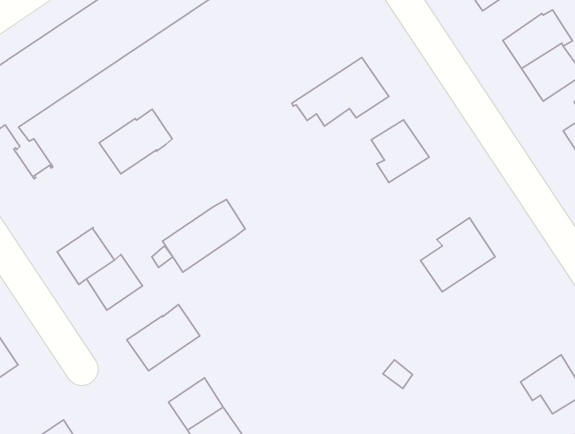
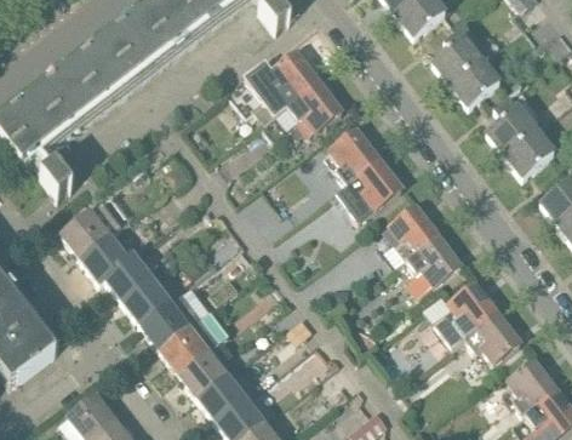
building: none -> [228,48,318,119]
building: [99,109,172,174] -> [61,199,120,253]
building: none -> [338,155,401,215]
building: [163,199,245,272] -> [161,308,228,370]
building: none -> [396,233,461,296]
building: none -> [124,276,170,321]
building: none -> [433,280,497,344]

